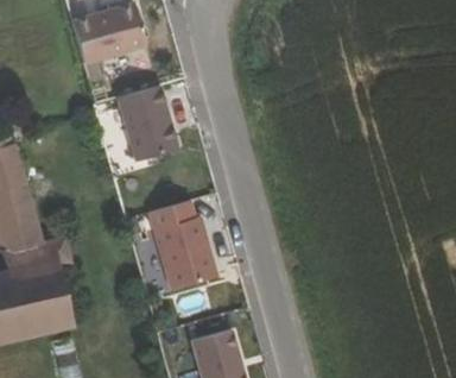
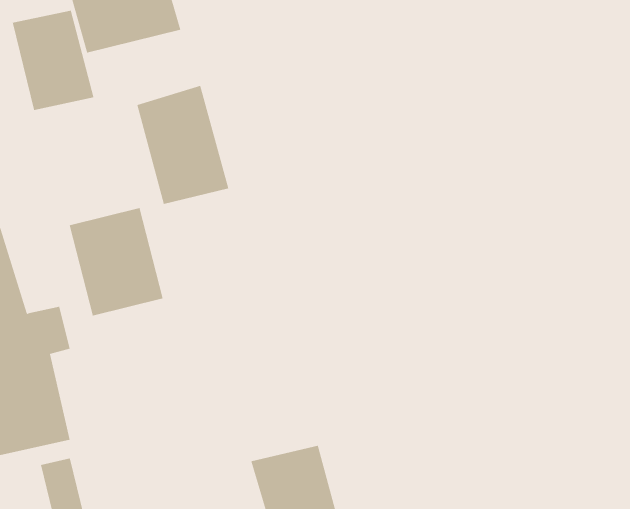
building: none -> [12,10,94,111]
building: [153,219,216,291] -> [69,208,164,316]

